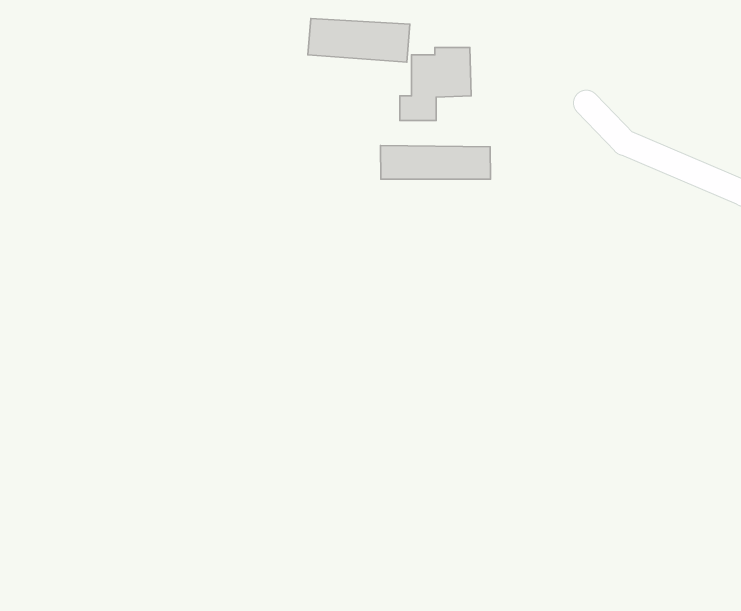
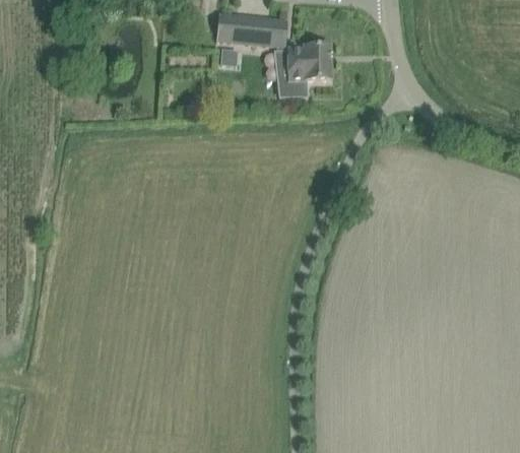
building: [381,145,491,179] -> none

